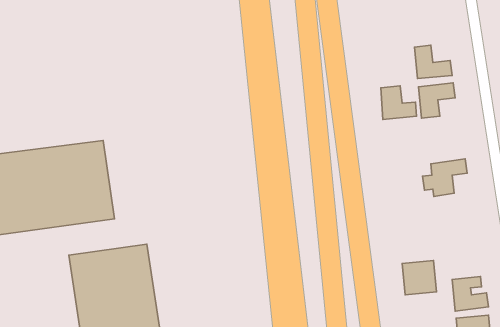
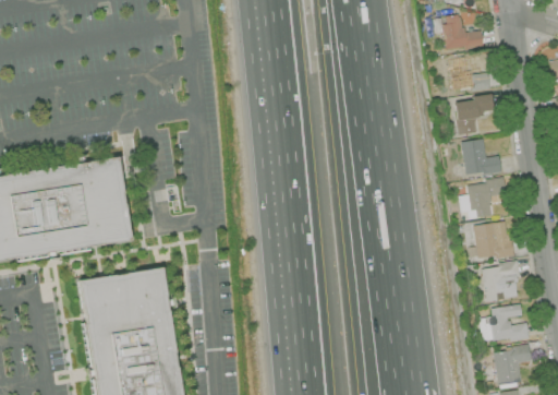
building: none -> [444,14,484,50]
building: [381,86,416,119] -> [463,139,501,175]
building: none -> [473,220,512,260]
building: [402,260,437,295] -> [483,263,520,300]

